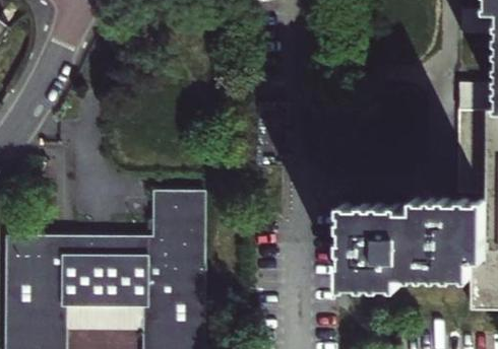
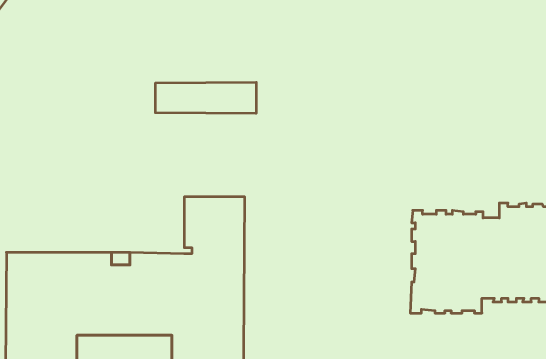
building: none -> [155,82,256,113]

